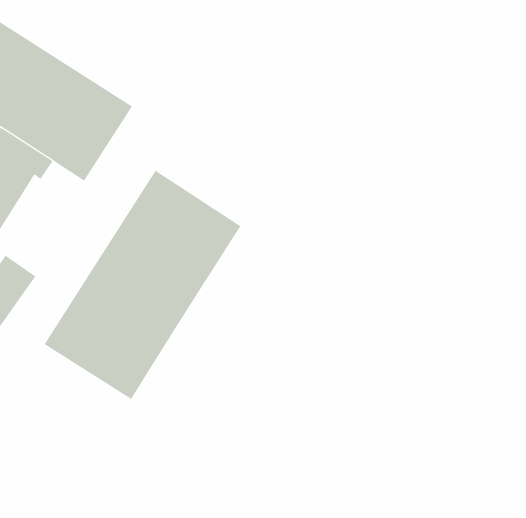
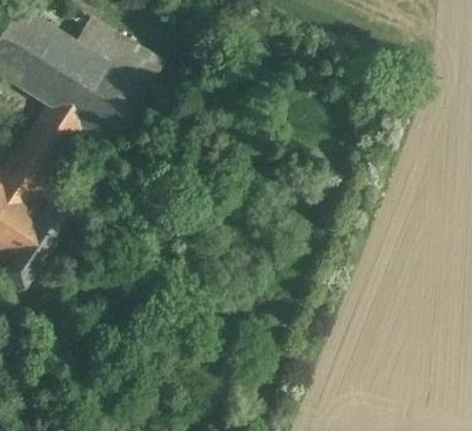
building: none -> [75,15,165,86]
building: [44,170,241,400] -> none

